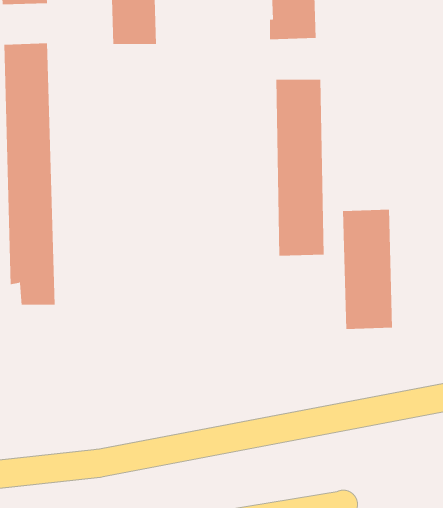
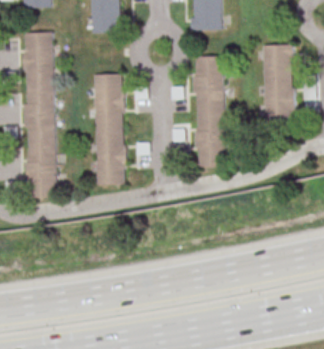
building: none -> [94,72,125,184]
building: [342,209,393,329] -> [263,43,295,119]

